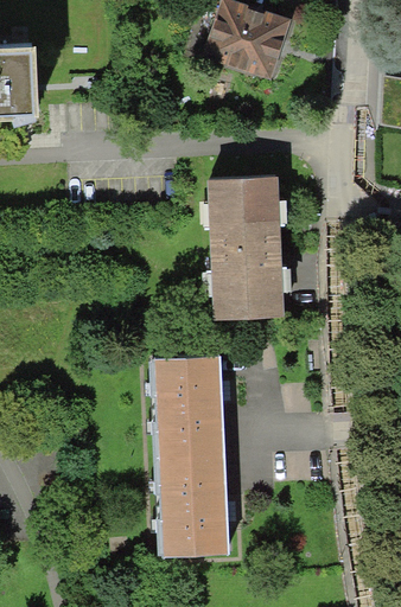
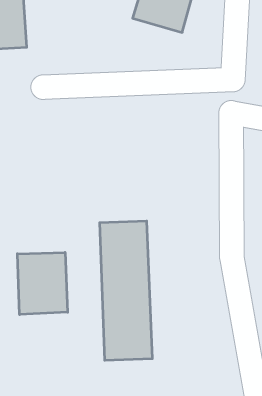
building: [210,175,286,317] -> none
building: none -> [17,252,68,315]

